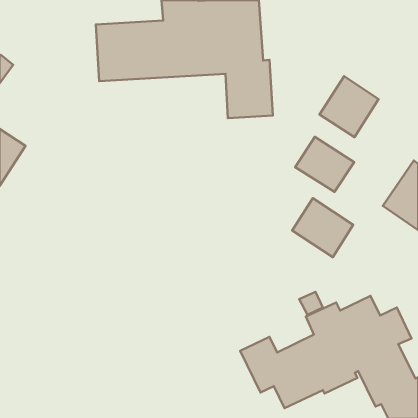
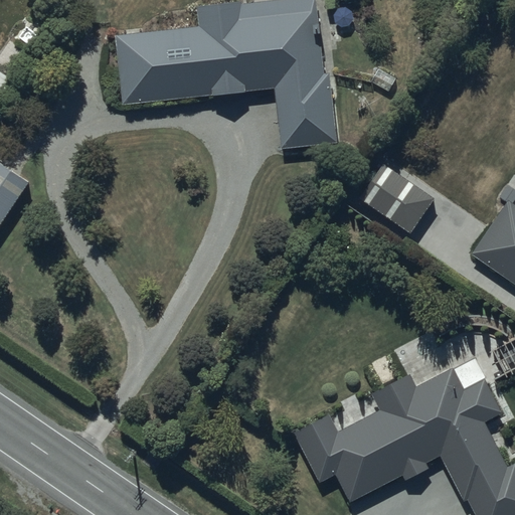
building: [320,76,378,137] -> none
building: [292,198,353,257] -> none

